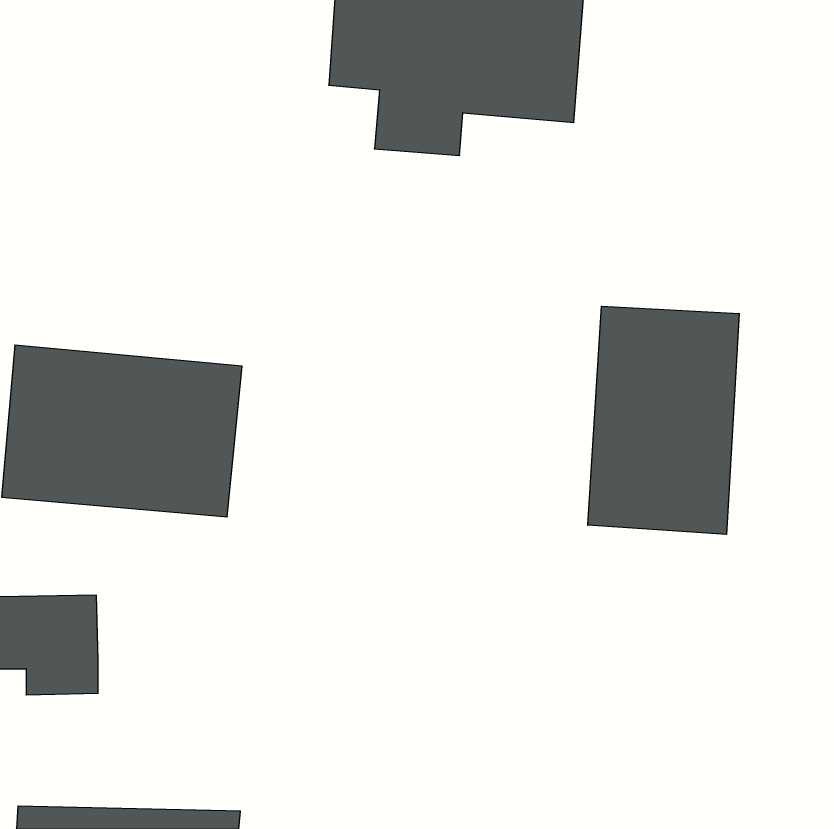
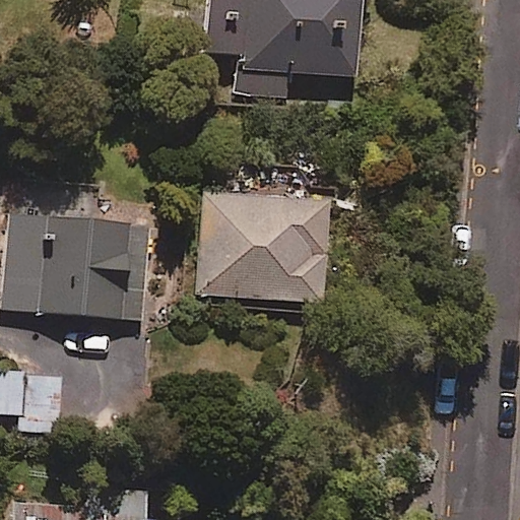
building: none -> [195,180,329,303]
building: [588,306,739,534] -> none

